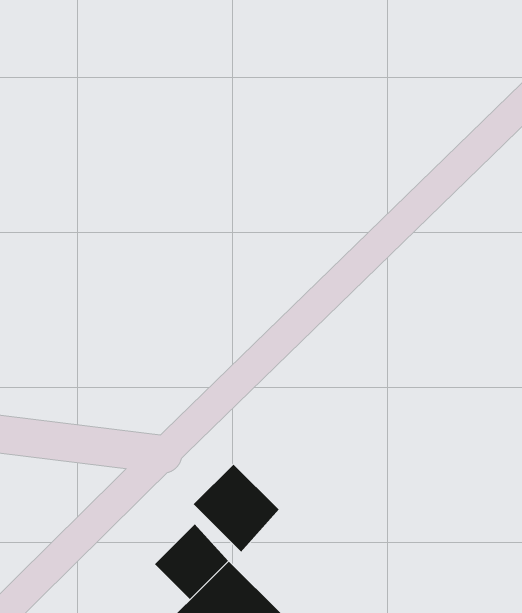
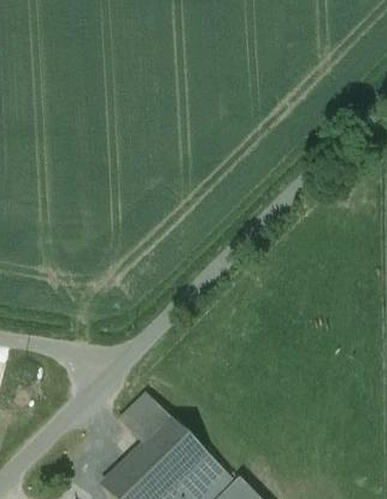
building: [193,464,280,552] -> none

